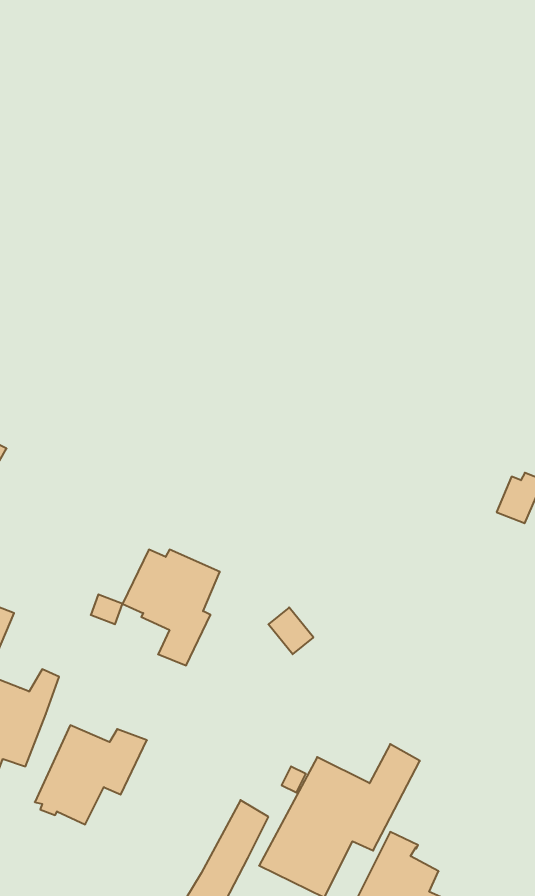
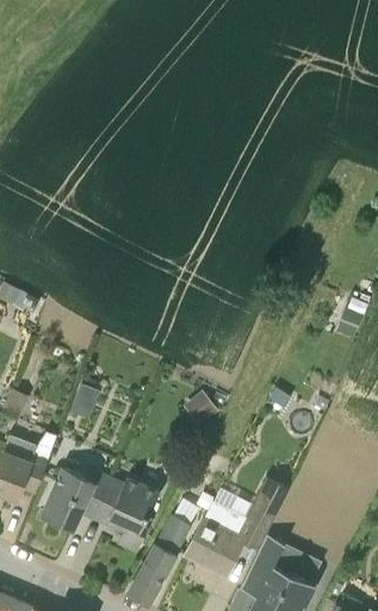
building: [123,550,220,665] -> [95,477,157,551]

